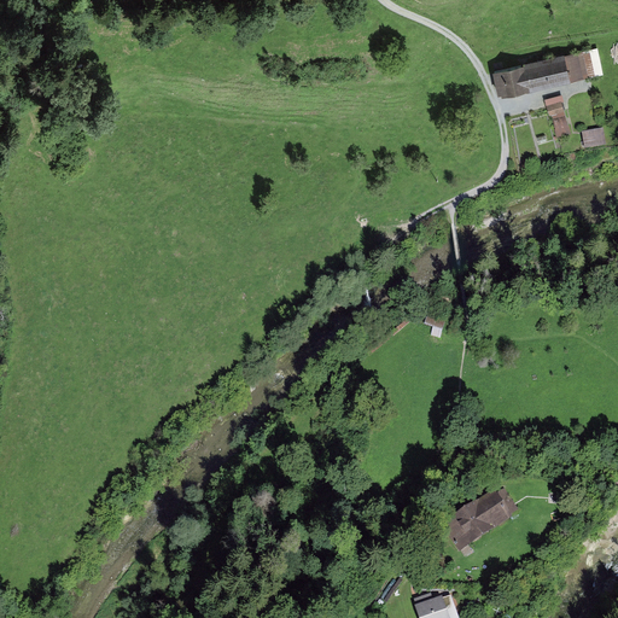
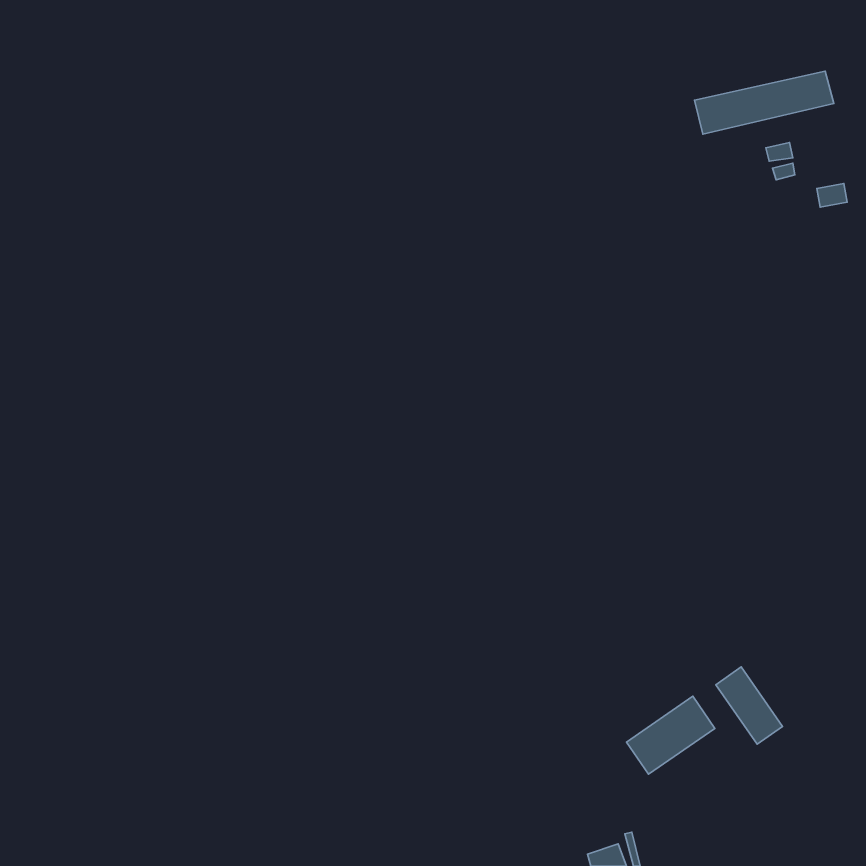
building: none -> [716,667,783,744]

